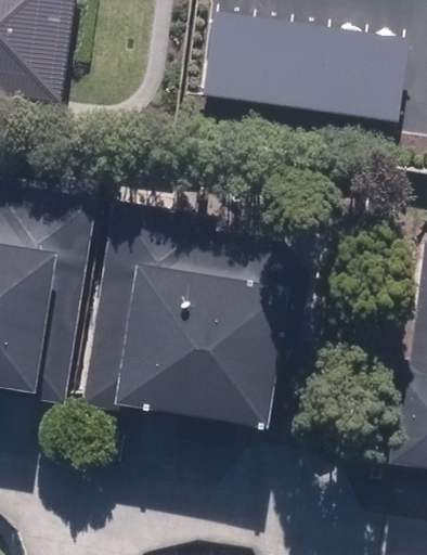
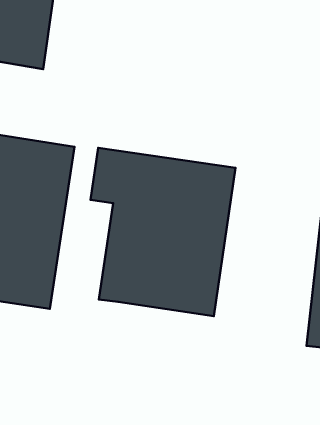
building: [191,14,401,121] -> none

